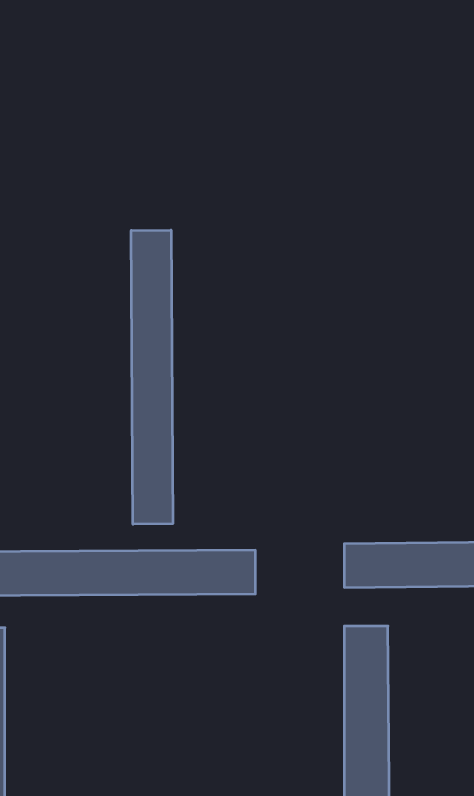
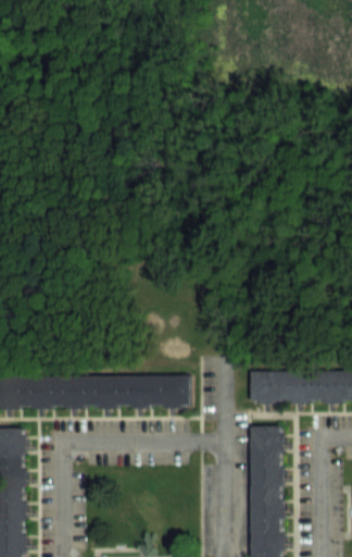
building: [131,230,173,524] -> none

